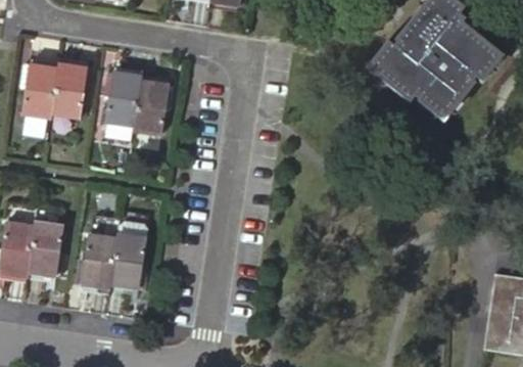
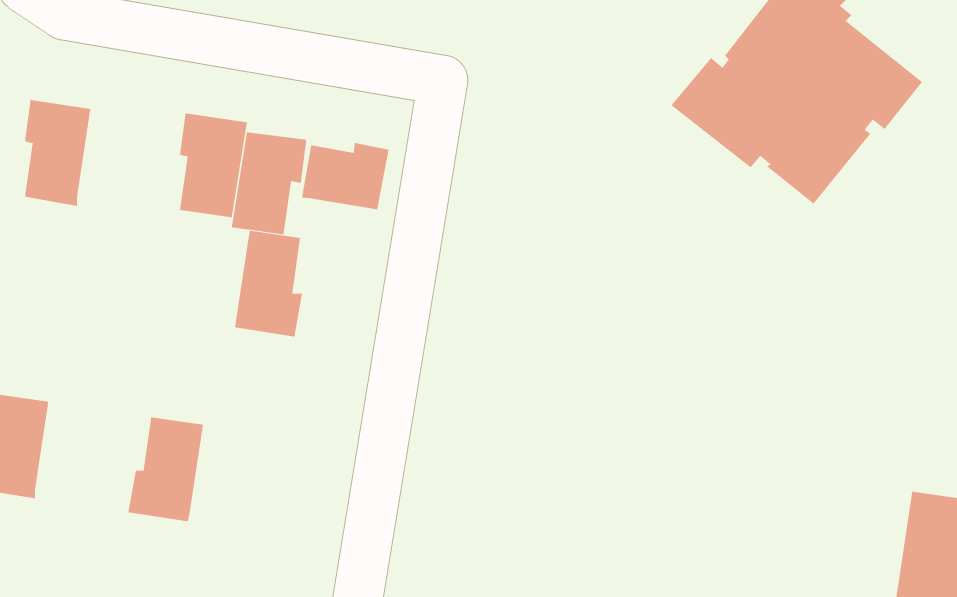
building: [50,64,91,121] -> none
building: none -> [302,142,389,210]
building: [28,221,64,278] -> none
building: [110,233,147,290] -> [234,230,303,337]

